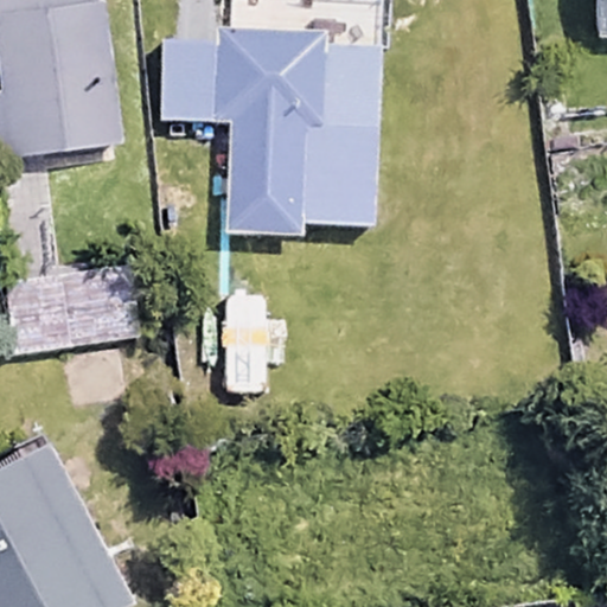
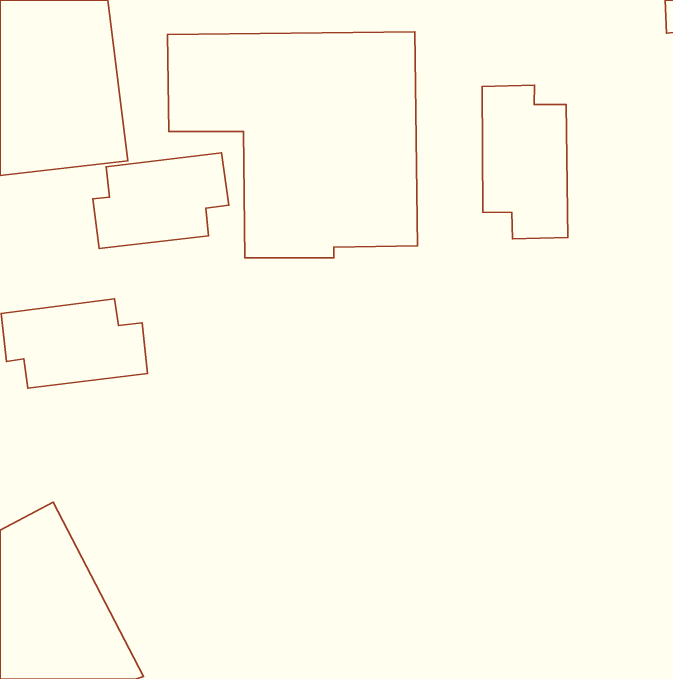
building: none -> [482,85,568,239]
building: none -> [93,153,229,248]

